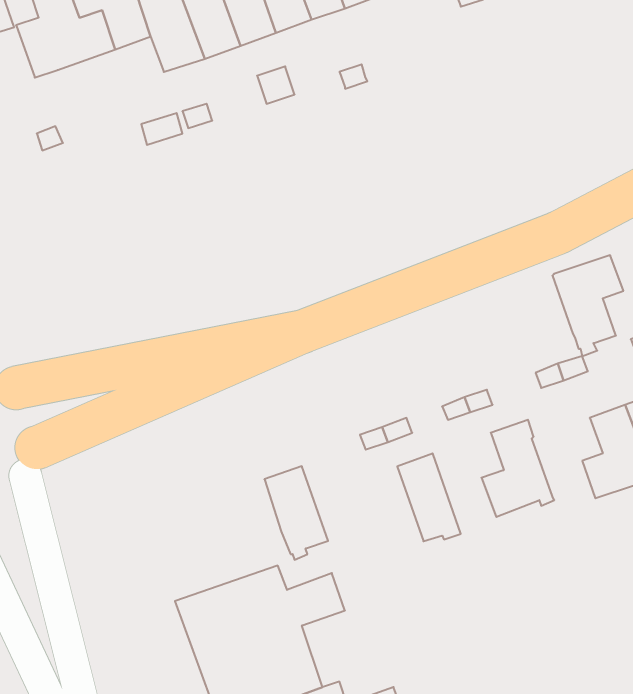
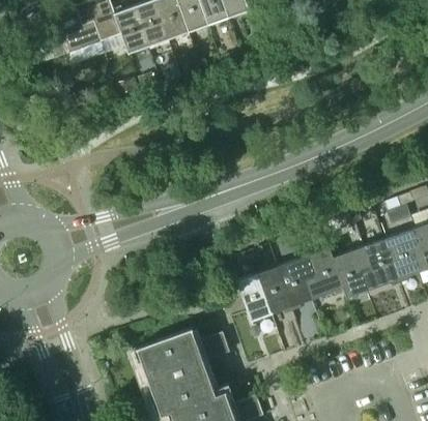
building: [552,255,623,356] -> [333,246,372,302]
building: none -> [278,254,317,310]
building: [264,466,328,560] -> [237,273,273,325]

